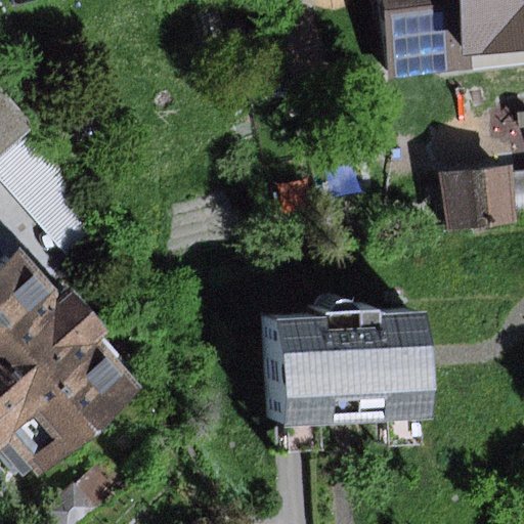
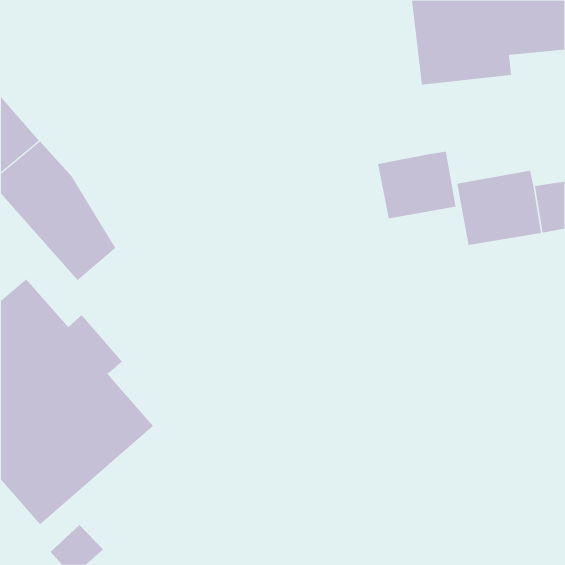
building: none -> [377,151,456,219]
building: [263,298,419,422] -> none

